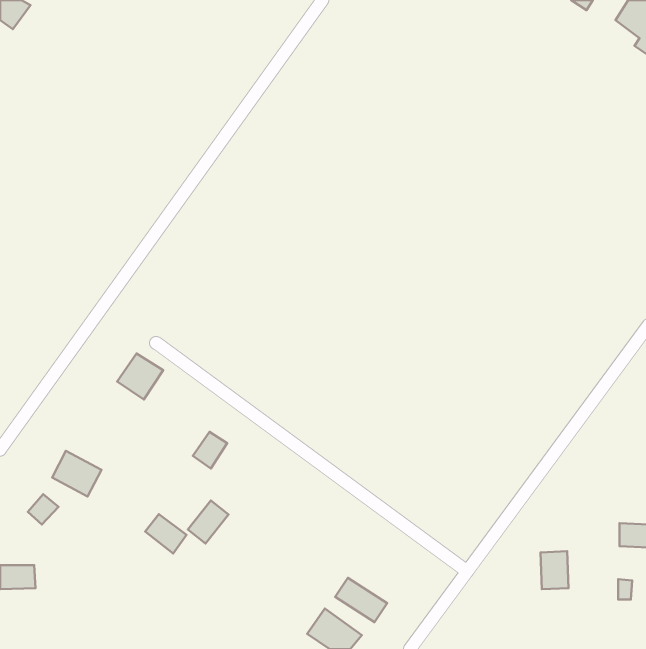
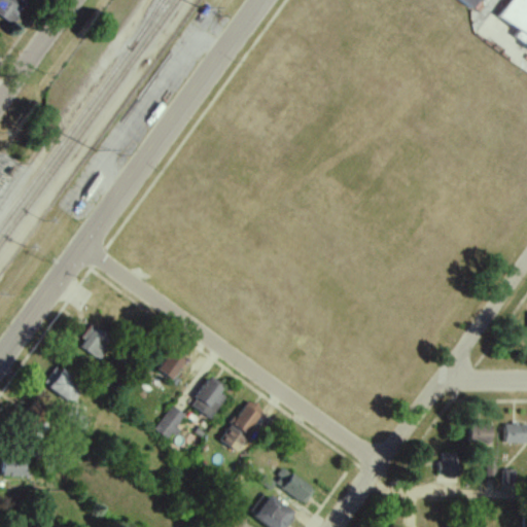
building: [117,354,163,399] -> [78,323,115,360]
building: none -> [191,378,230,419]
building: none -> [220,400,266,452]
building: [145,514,186,554] -> none
building: none -> [469,426,493,443]

